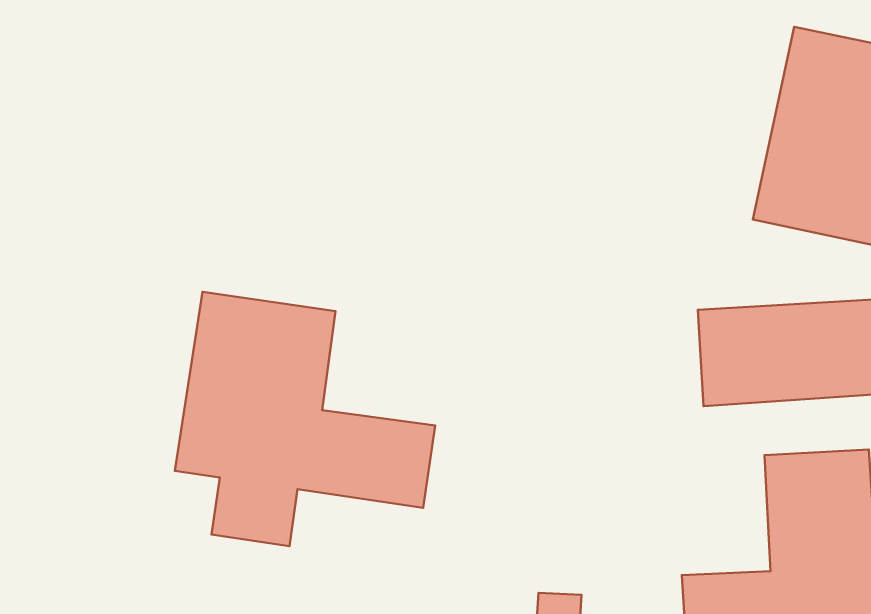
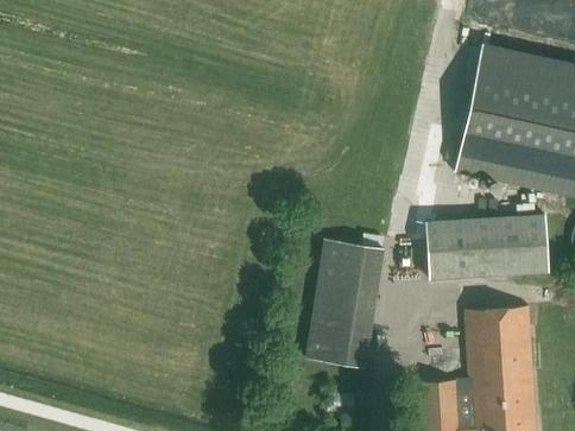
building: [175,292,435,546] -> none
building: none -> [305,239,383,367]

